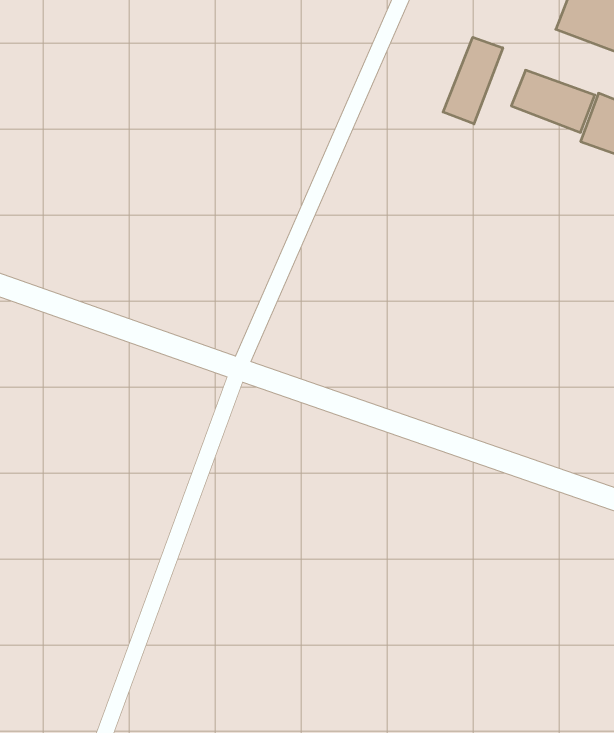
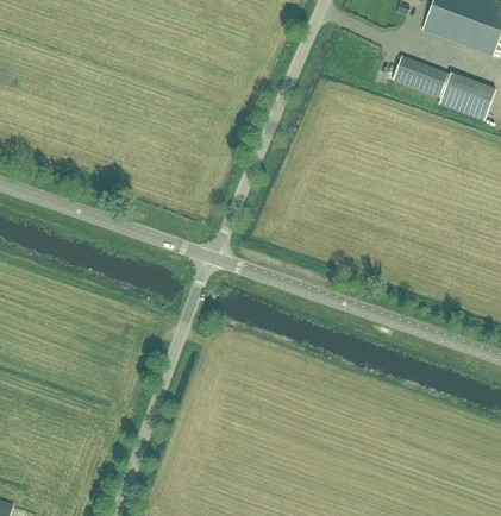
building: [443,37,503,124] -> none

